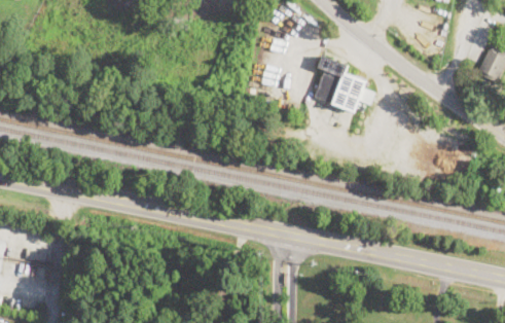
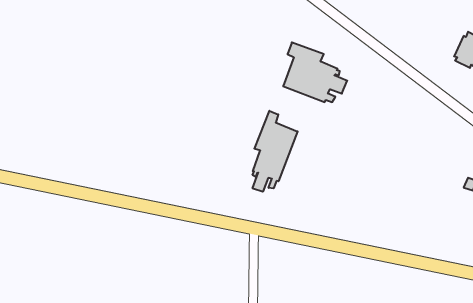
building: none -> [253,111,298,192]

